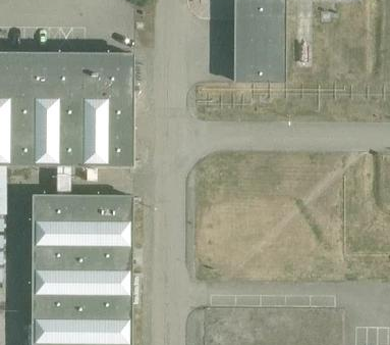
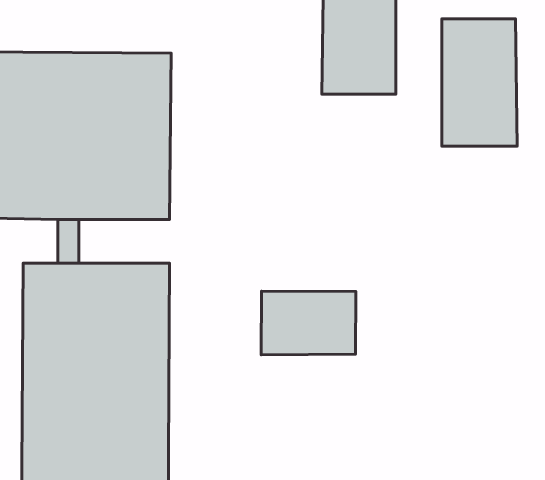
building: none -> [442,19,517,146]
building: none -> [261,291,356,355]

